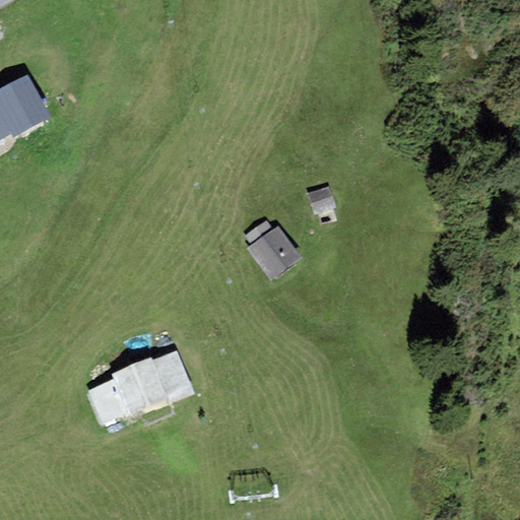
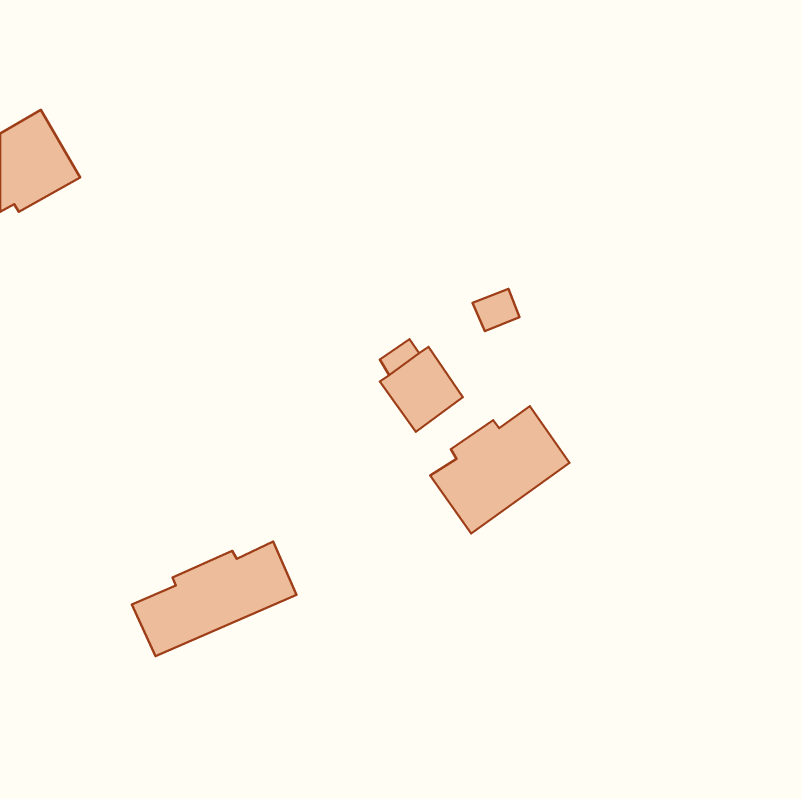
building: none -> [430,406,569,533]

